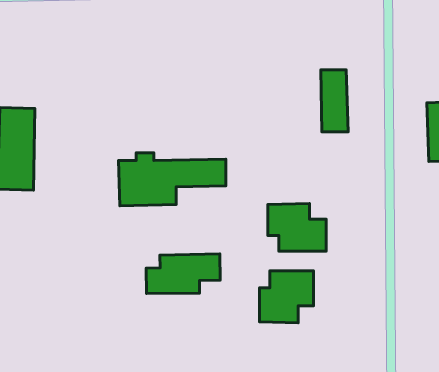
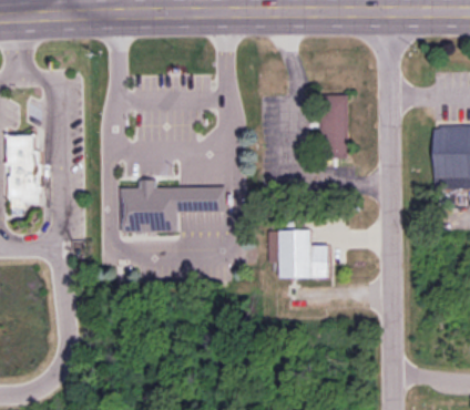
building: [146,254,220,293] -> none
building: [260,271,314,323] -> none

